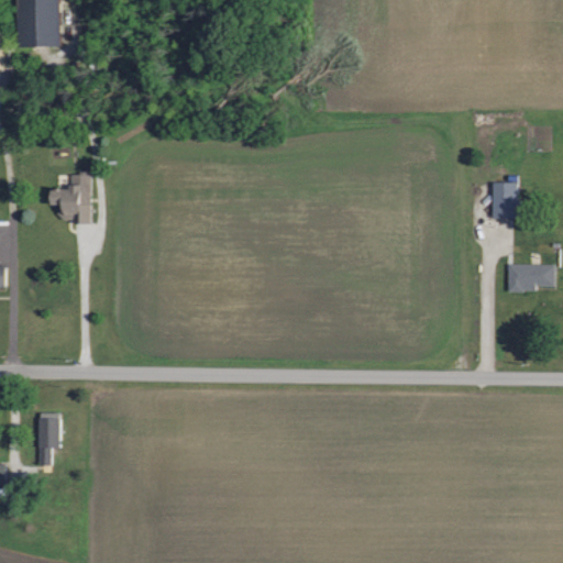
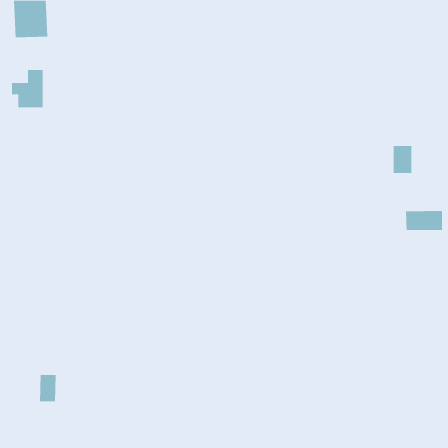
building: [51,174,91,222] -> [11,69,44,108]
building: [38,413,60,448] -> [39,375,57,402]

